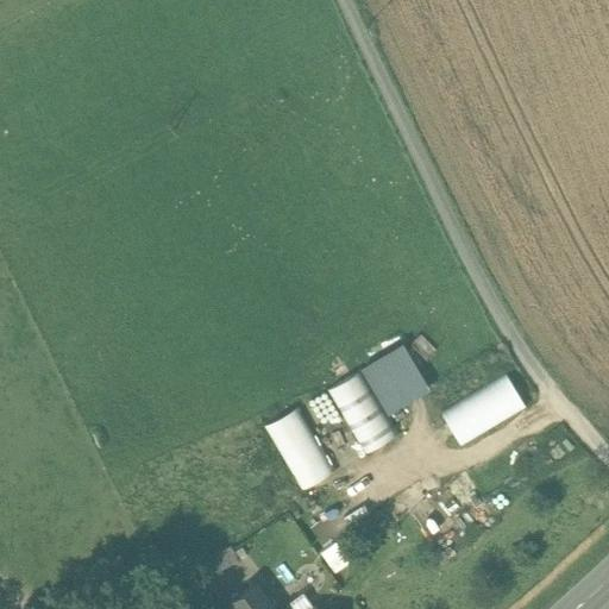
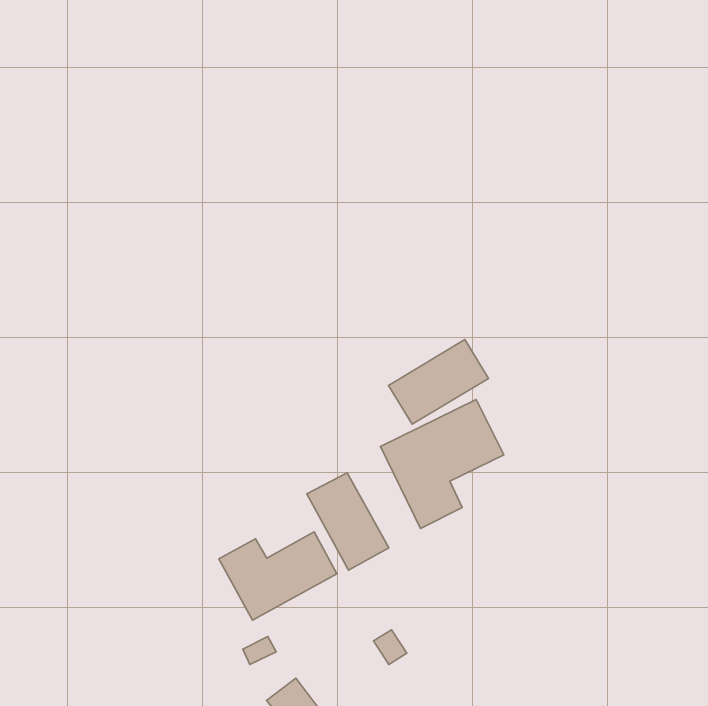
building: [441,372,527,445] -> [388,340,488,424]
building: none -> [219,532,337,620]

